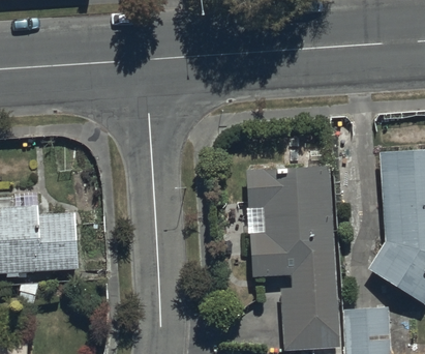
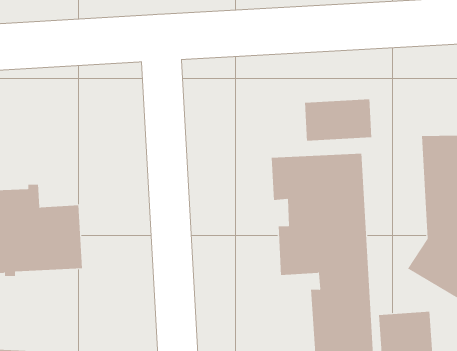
building: none -> [304,99,372,141]

